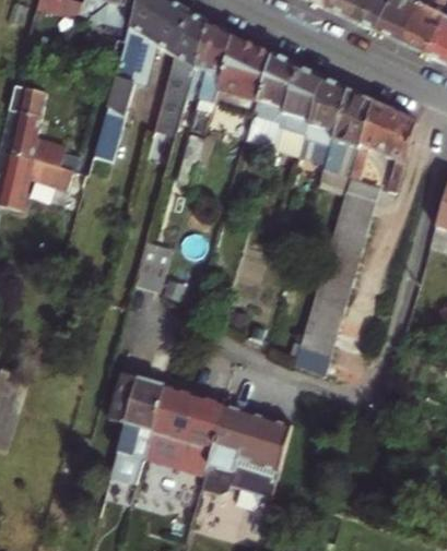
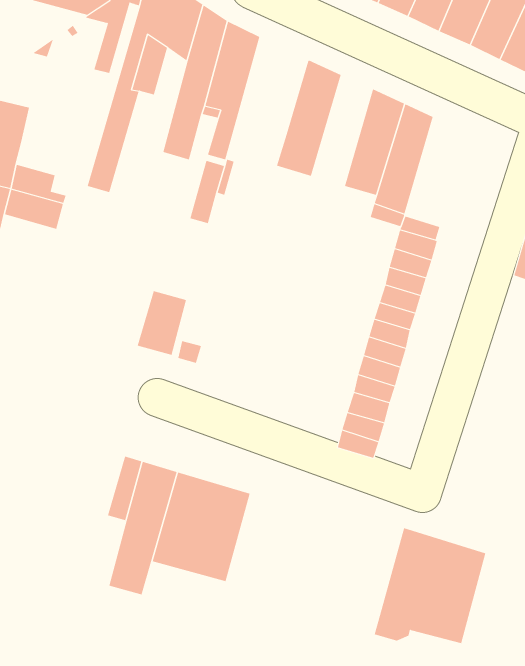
building: [214,34,271,112] -> none
building: [274,64,324,154] -> none
building: [351,98,419,193] -> none
building: [201,402,292,495] -> [374,527,486,644]

